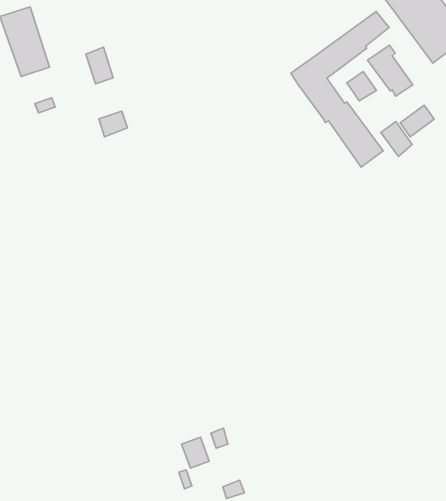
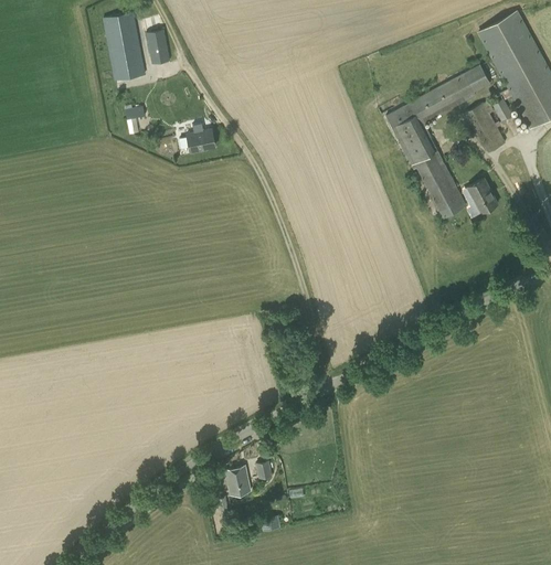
building: [86,47,113,84] -> [146,29,170,64]
building: [347,71,376,101] -> none
building: [400,105,434,137] -> none

